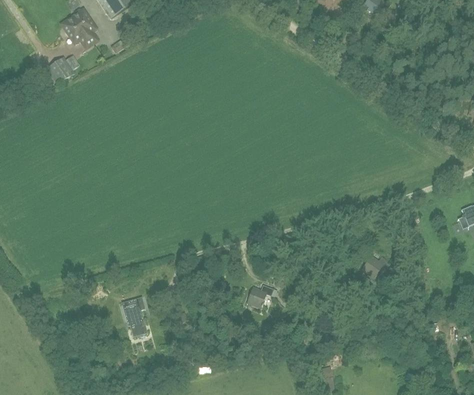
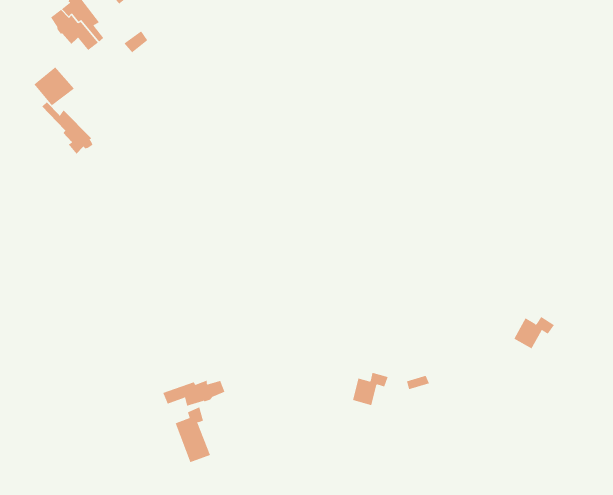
building: none -> [42,102,93,155]
building: none -> [162,380,225,407]

